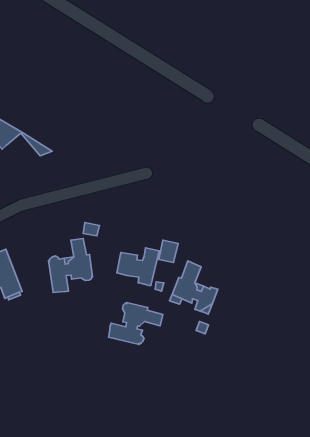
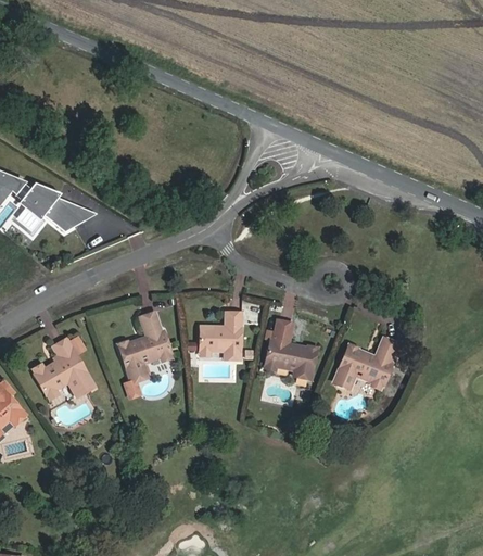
building: none -> [49,203,89,237]
building: none -> [333,339,397,389]
building: [109,303,163,344] -> none

